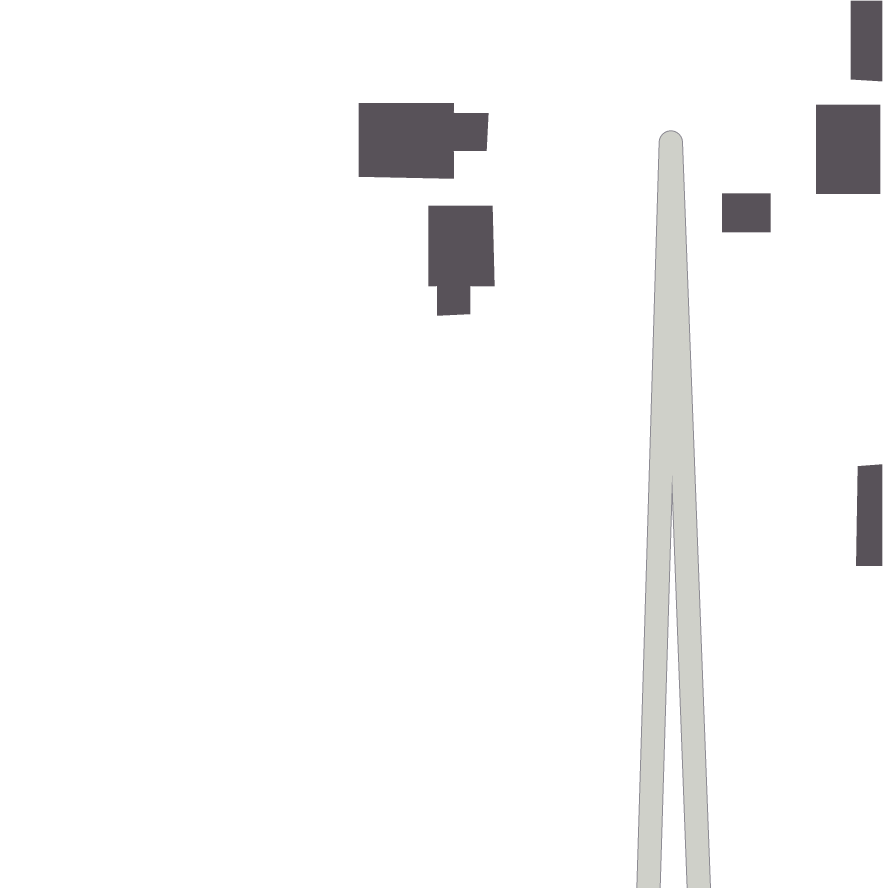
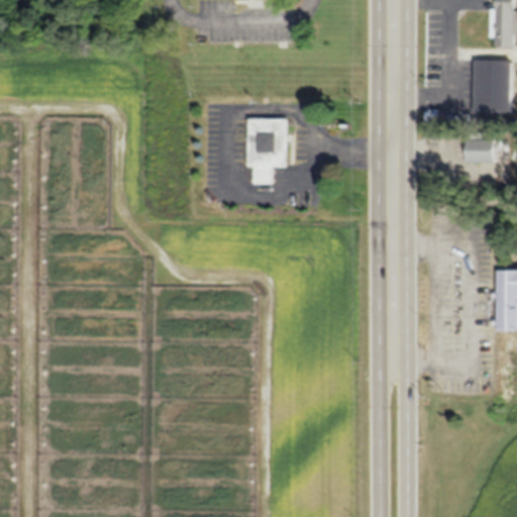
building: [358,102,489,180] -> none
building: [721,193,772,233] -> [467,140,496,164]

